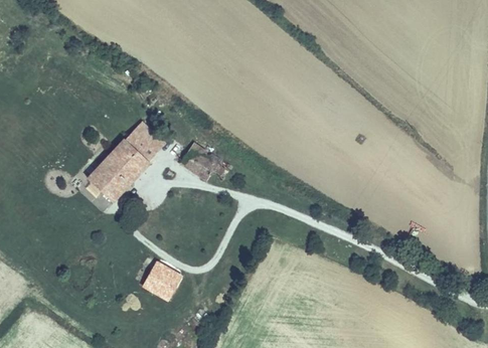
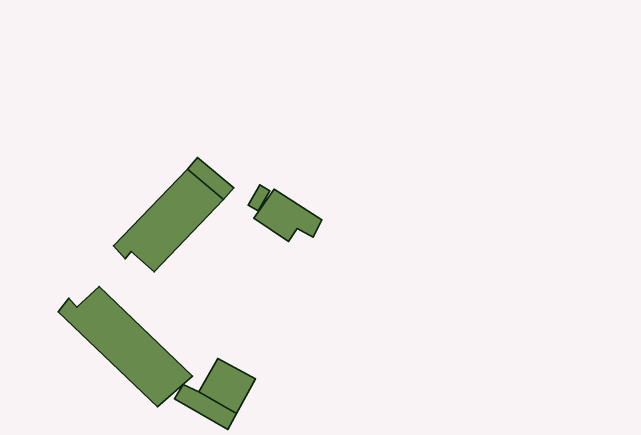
building: none -> [58,287,193,407]

